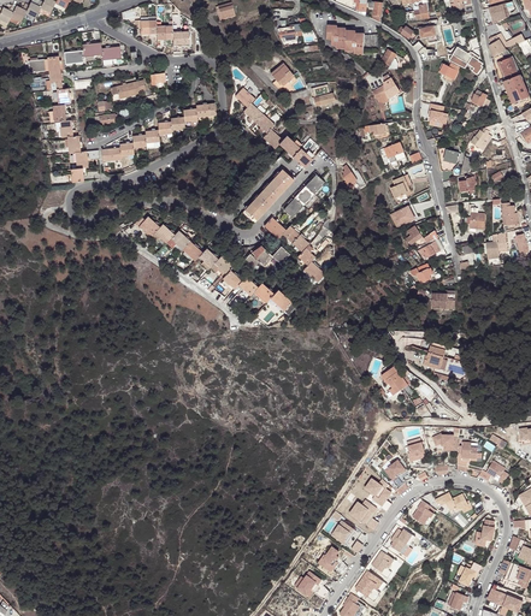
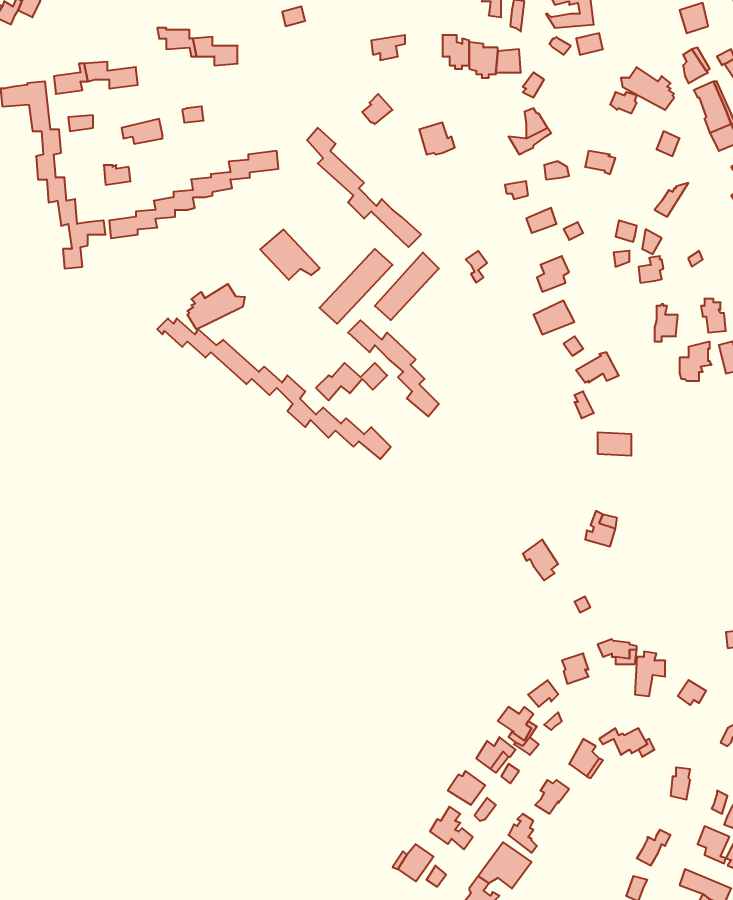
building: none -> [260,229,320,280]
building: none -> [187,284,245,329]

